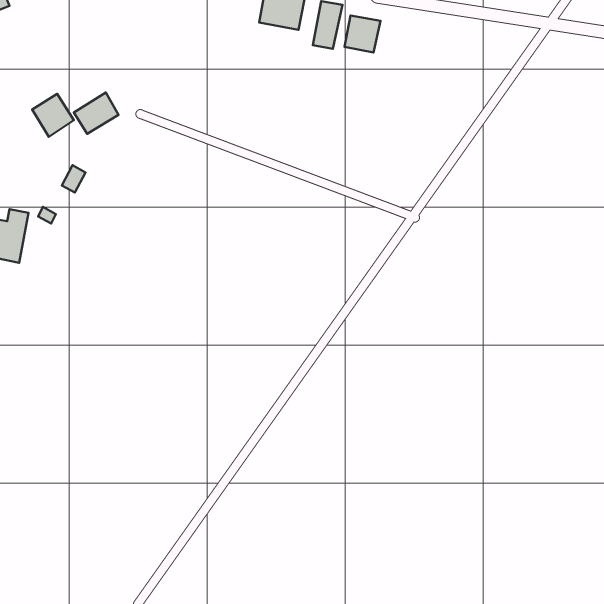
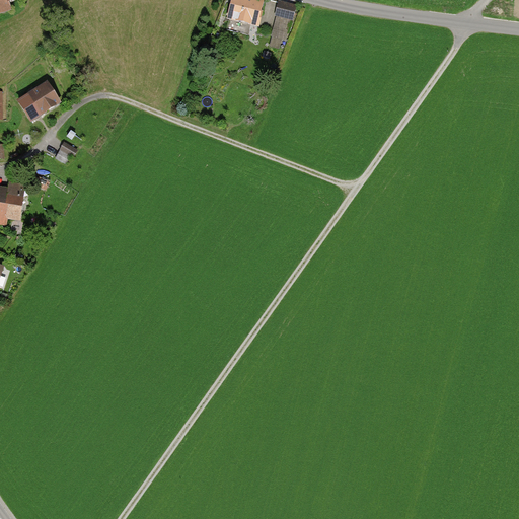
building: [345,16,381,53] -> none
building: [74,92,118,134] -> none

